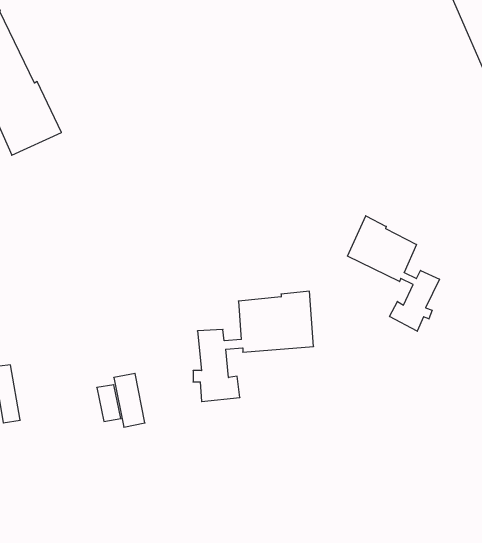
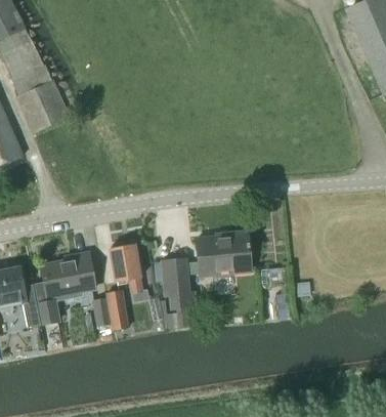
building: [348,216,439,331] -> none
building: none -> [109,243,141,292]
building: none -> [35,251,95,323]

